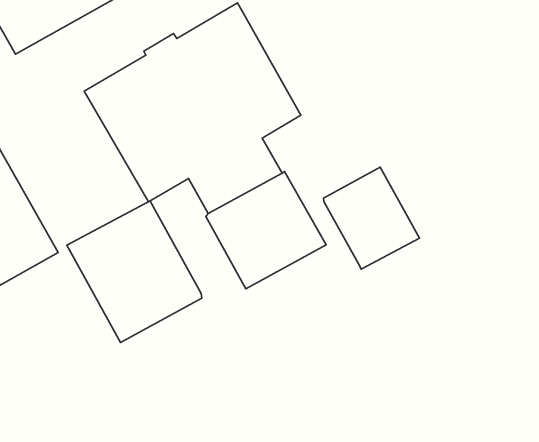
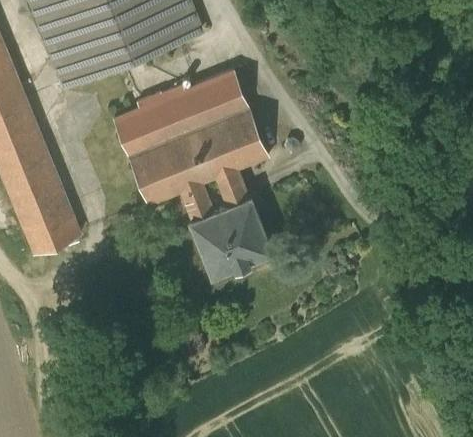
building: [324,167,419,269] -> none
building: [67,201,202,342] -> none

